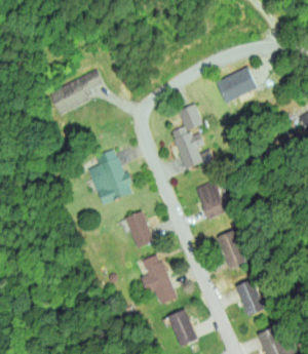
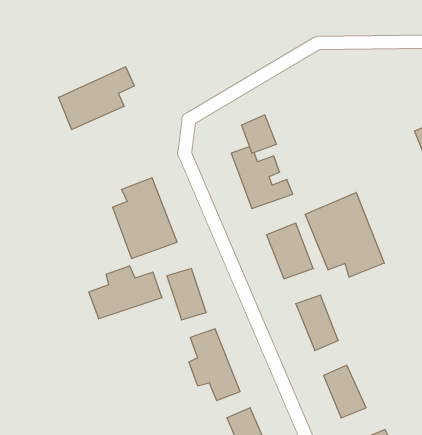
building: [216,68,257,103] -> none
building: none -> [305,192,384,277]
building: none -> [89,266,162,319]

